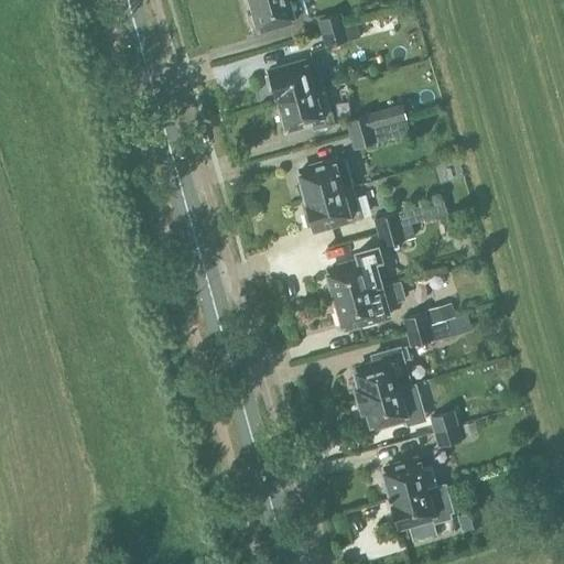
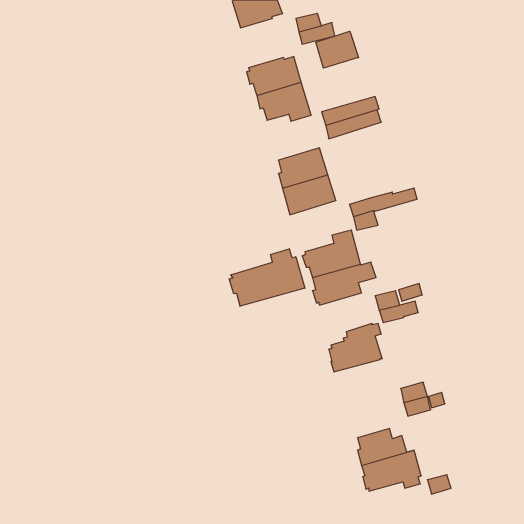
building: none -> [316,31,359,68]
building: none -> [229,249,305,306]
building: [359,387,416,429] -> none

